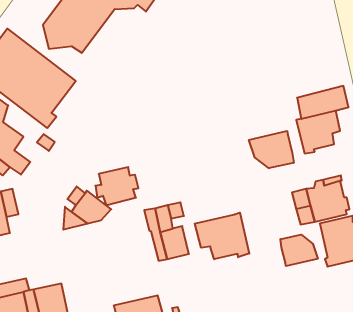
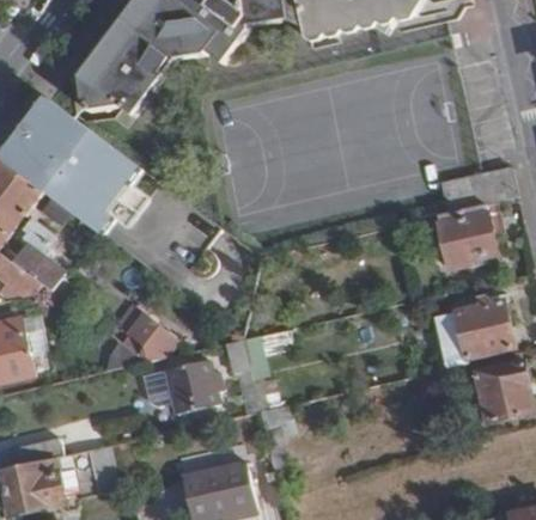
building: [249,131,294,168] -> none
building: [95,167,138,205] -> [158,360,219,414]
building: [195,213,249,259] -> none
building: [280,235,318,266] -> none

